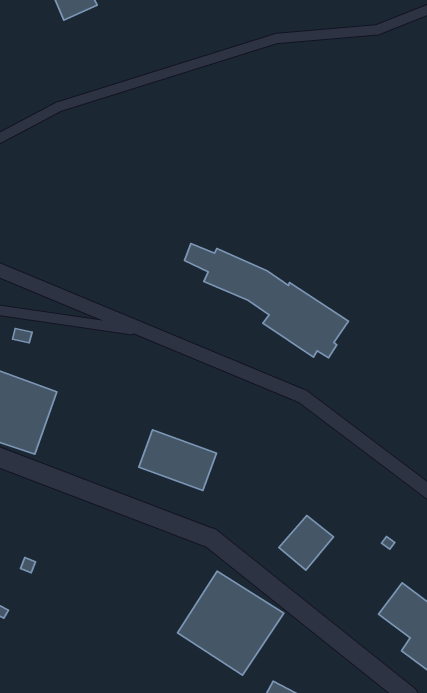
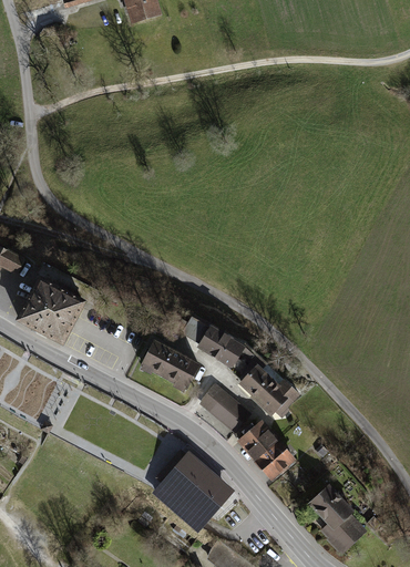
building: [184,243,348,358] -> [184,318,300,419]
building: none -> [197,383,250,433]
building: none -> [254,439,296,481]

